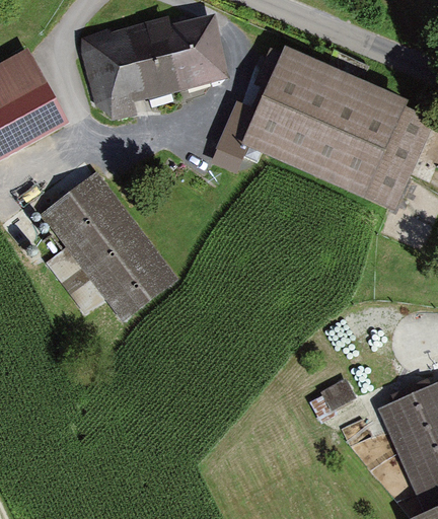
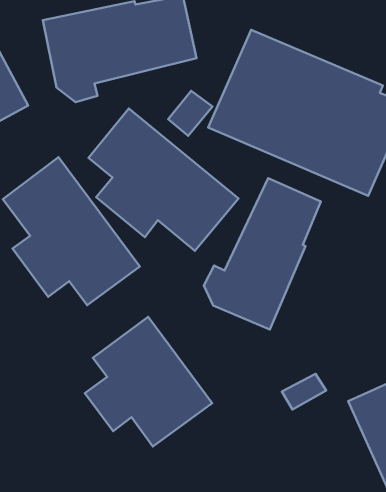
building: none -> [88,108,239,251]
building: none -> [204,178,321,330]
building: none -> [85,317,212,446]

